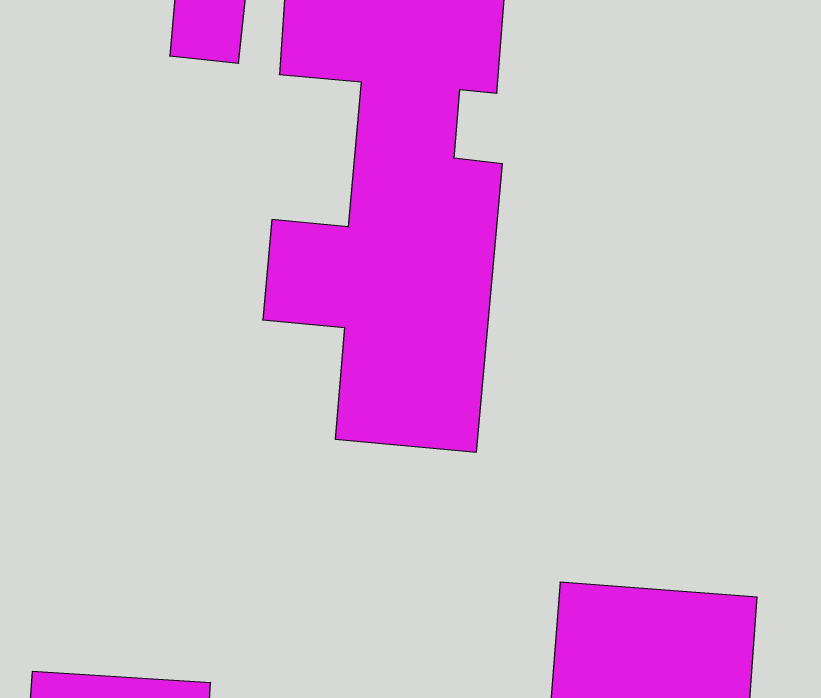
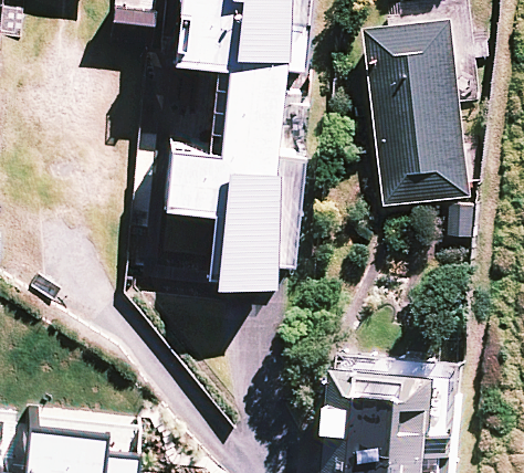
building: none -> [365,23,468,208]

